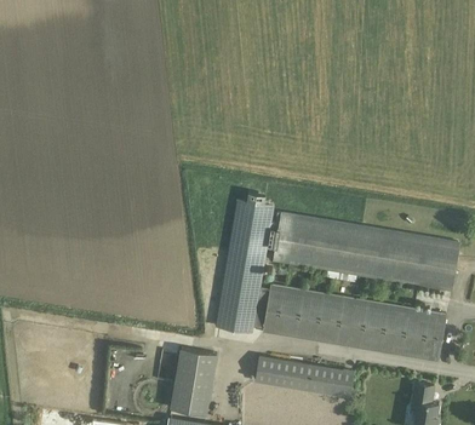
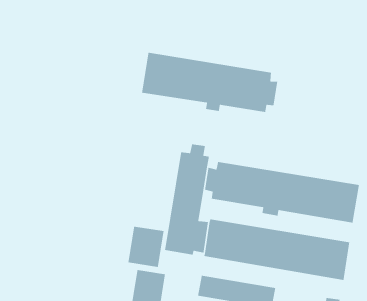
building: none -> [141,52,278,113]
building: none -> [128,226,165,268]

